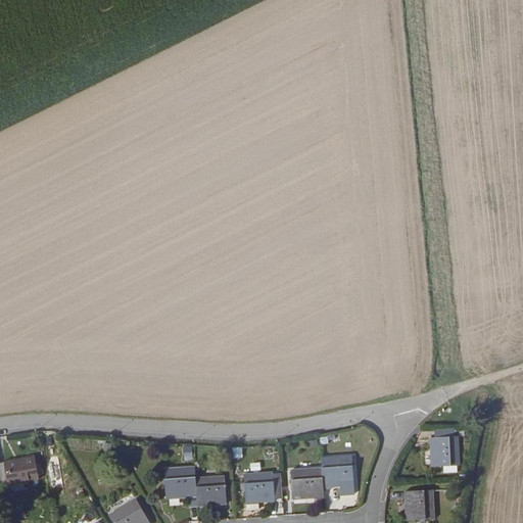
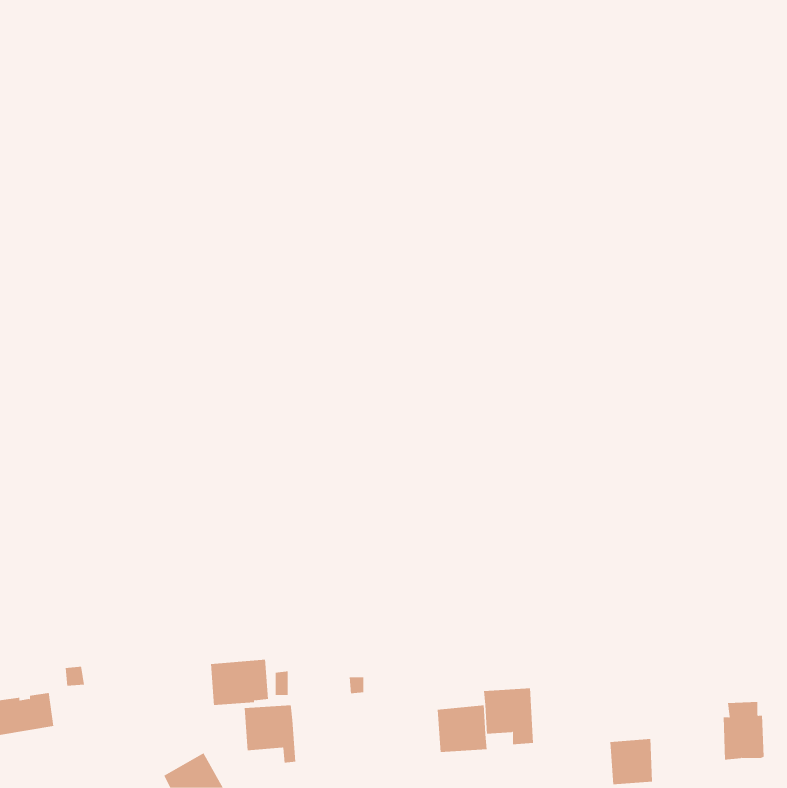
building: [430,427,458,466] -> [723,701,764,760]
building: [243,471,281,508] -> none
building: [194,474,233,505] -> [210,659,269,705]

